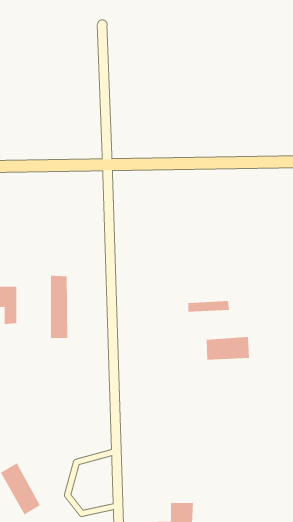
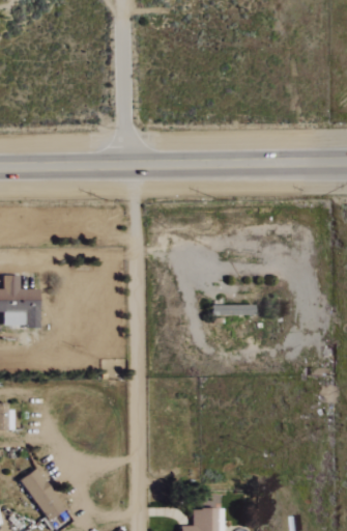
building: [50,275,68,339] -> none
building: [206,336,250,361] -> none

